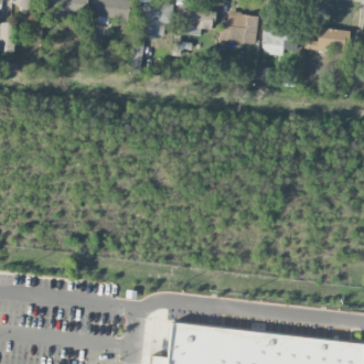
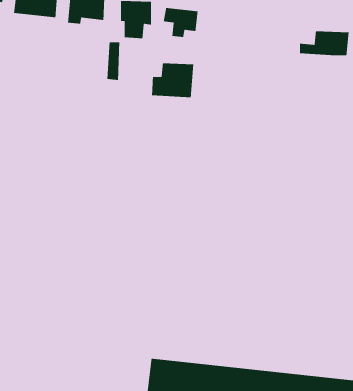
building: [220,13,258,45] -> [151,63,194,98]
building: [264,29,298,54] -> none

